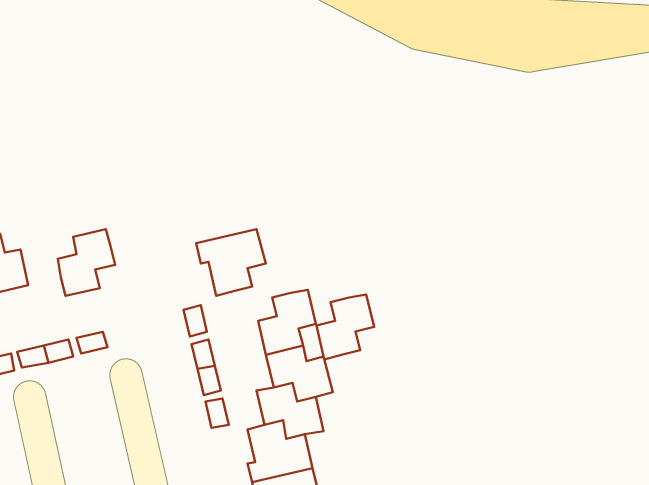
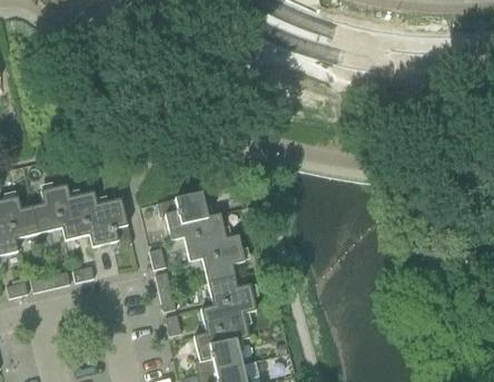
building: none -> [32,185,72,233]
building: none -> [86,198,132,247]
building: [317,294,374,360] -> [185,215,226,262]

